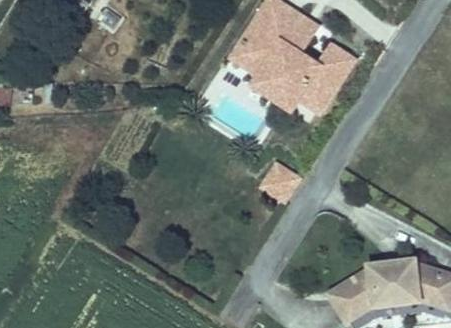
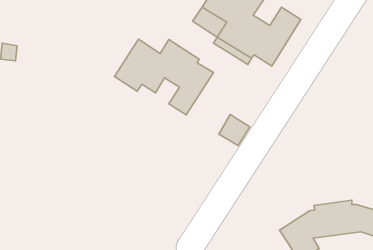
building: none -> [114,39,213,115]

